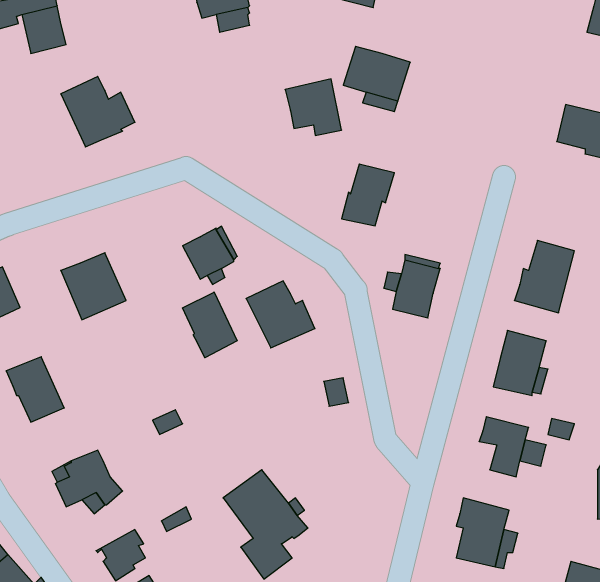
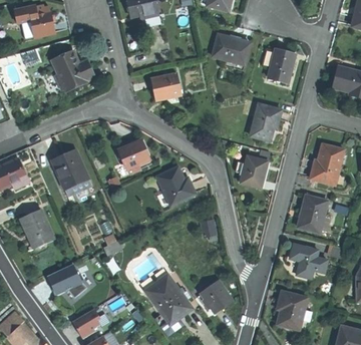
building: none -> [268,49,294,83]
building: [285,79,342,135] -> [149,73,182,105]
building: [342,164,394,226] -> [250,105,280,140]
building: [183,292,237,358] -> none
building: none -> [195,281,230,312]

